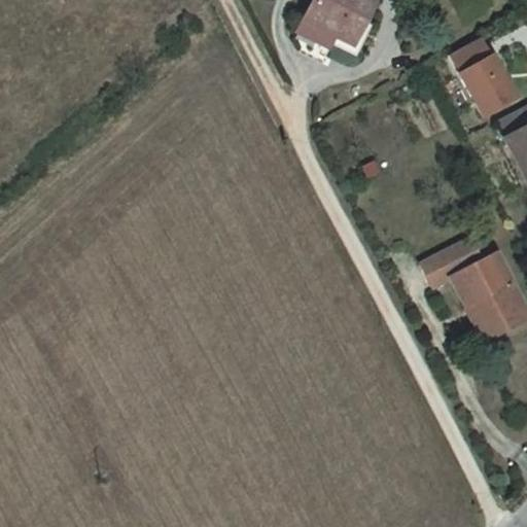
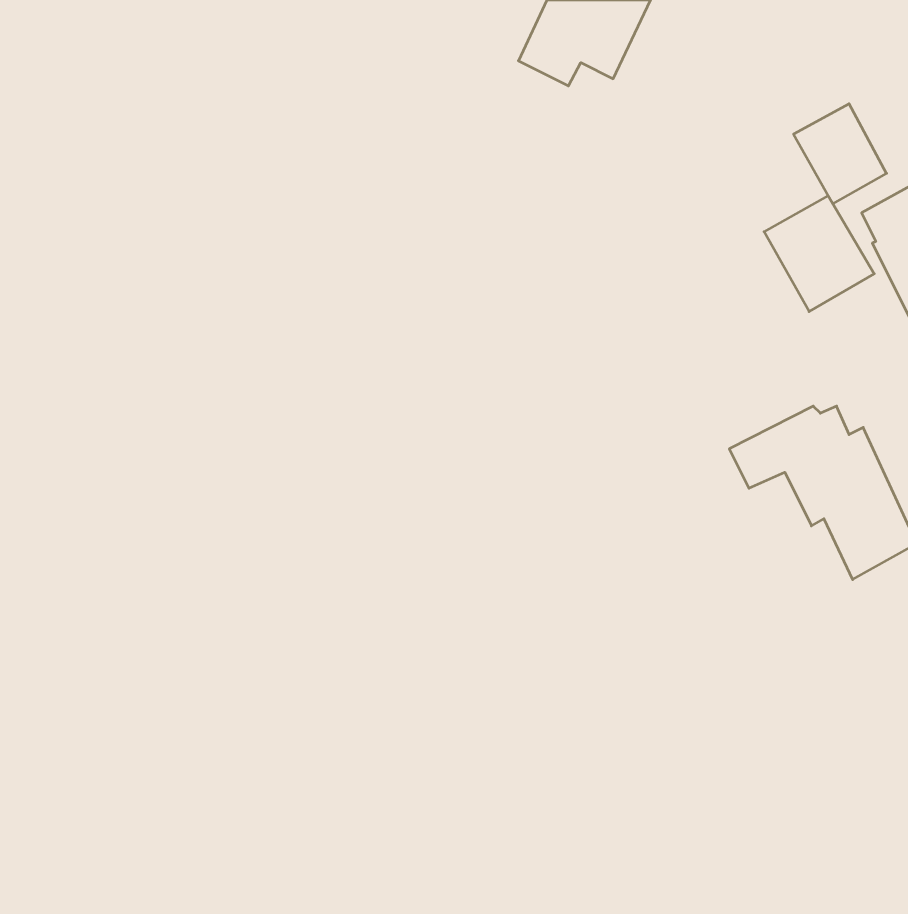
building: [450,40,492,77] -> none
building: none -> [764,196,874,312]

